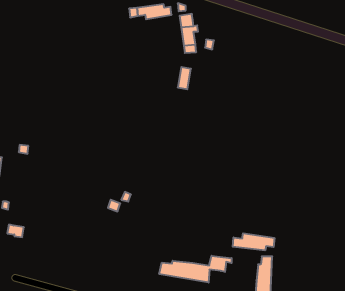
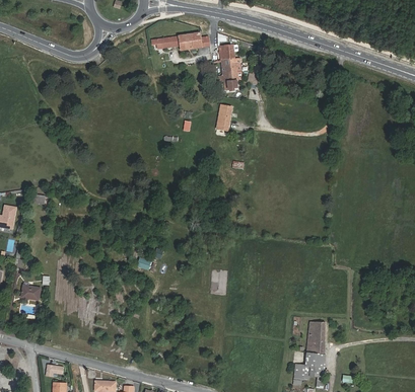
building: [233,233,274,250] -> none
building: [159,256,232,283] -> none

